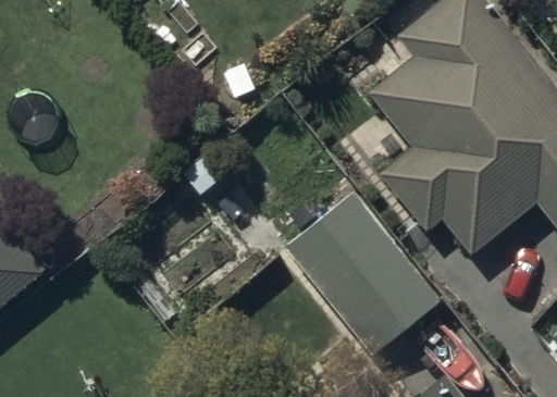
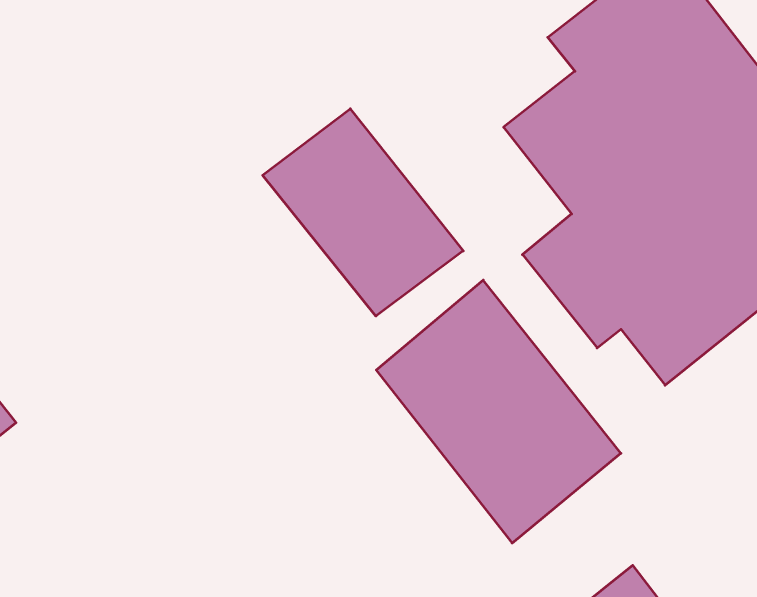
building: none -> [263,109,463,316]

